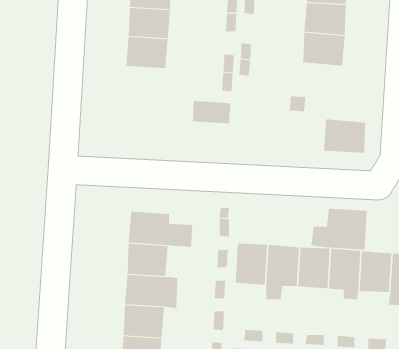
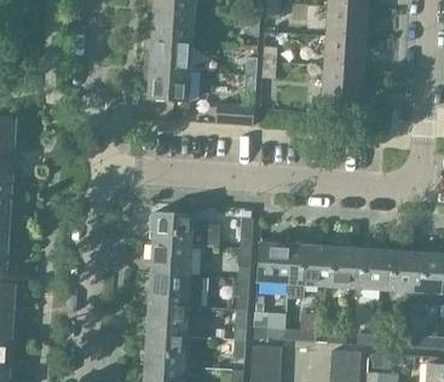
building: none -> [148,69,198,103]
building: [323,119,366,153] -> [321,65,363,99]
building: [311,208,367,250] -> none

